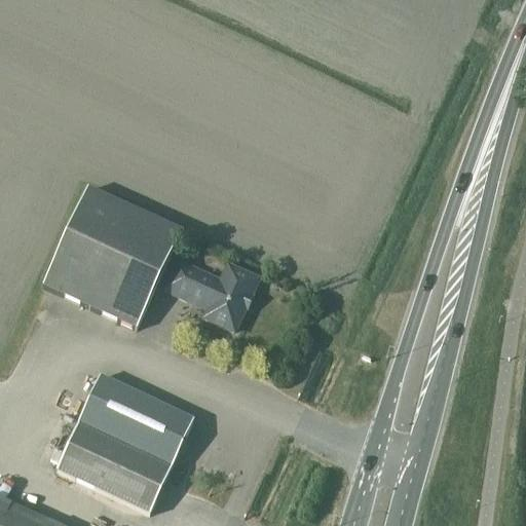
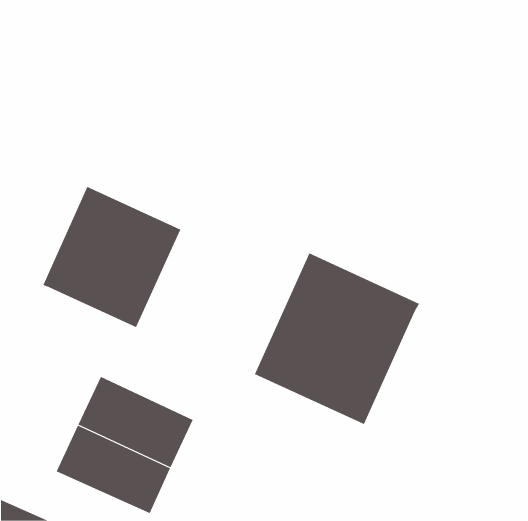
building: none -> [254,252,420,425]
building: [163,258,258,328] -> none

